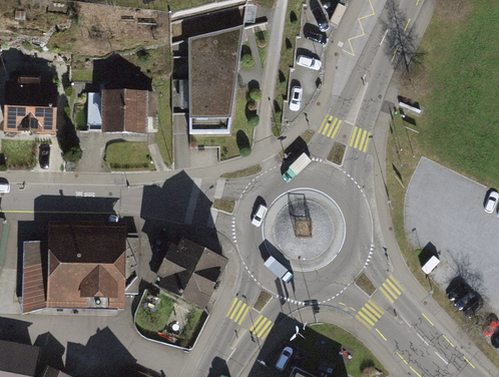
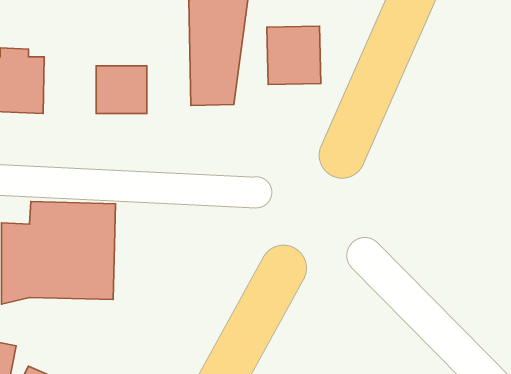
building: none -> [267,26,321,85]
building: [155,240,221,305] -> none

